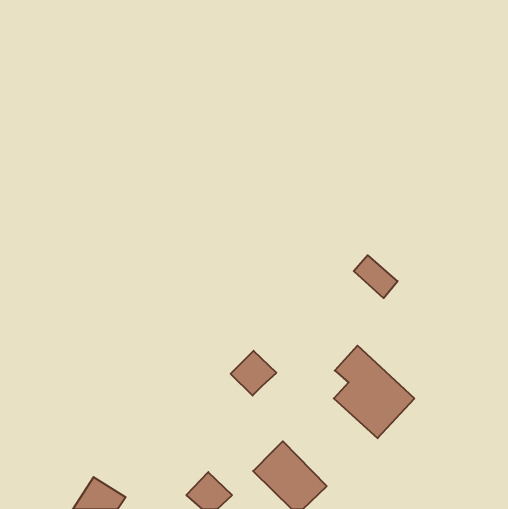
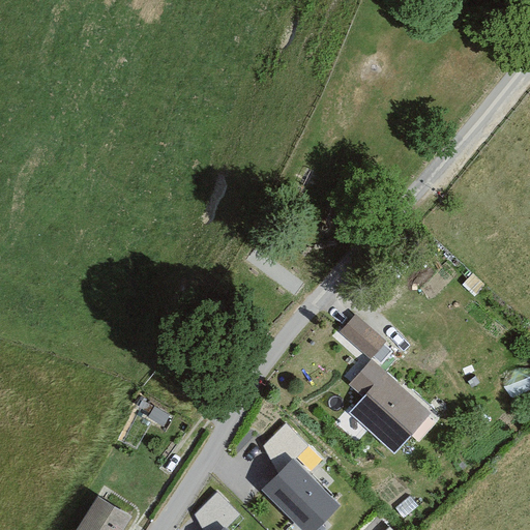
building: [354,255,398,298] -> [340,315,385,359]
building: [231,351,276,396] -> [261,422,308,469]

